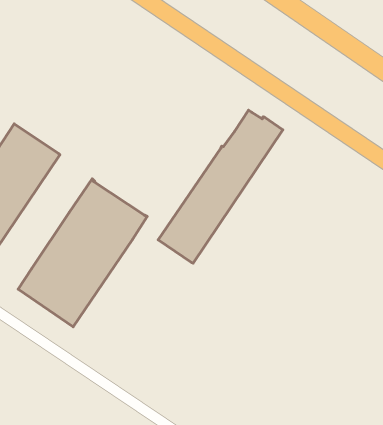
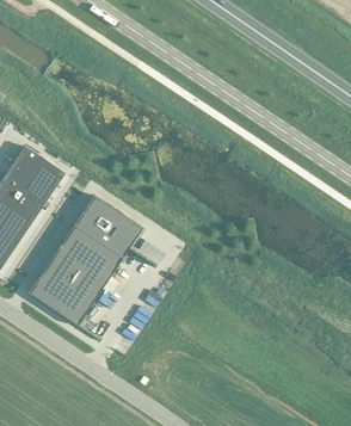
building: [158,110,283,263] -> none

